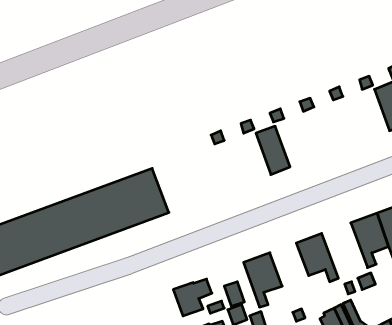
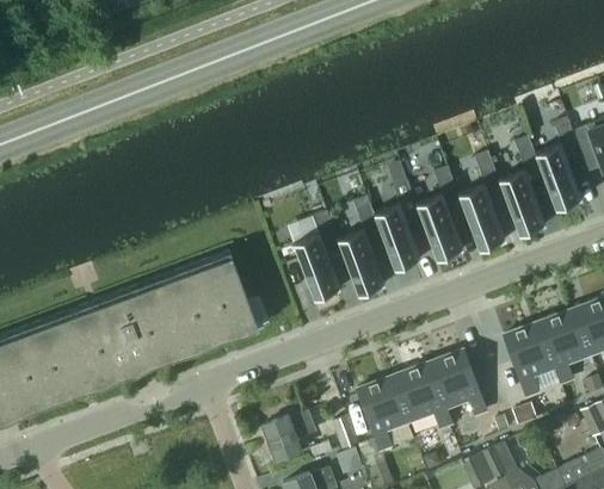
building: none -> [498,169,546,235]
building: none -> [458,184,505,250]
building: none -> [415,194,463,260]
building: none -> [337,229,384,295]
building: none -> [292,234,340,299]
building: none -> [393,363,451,428]

